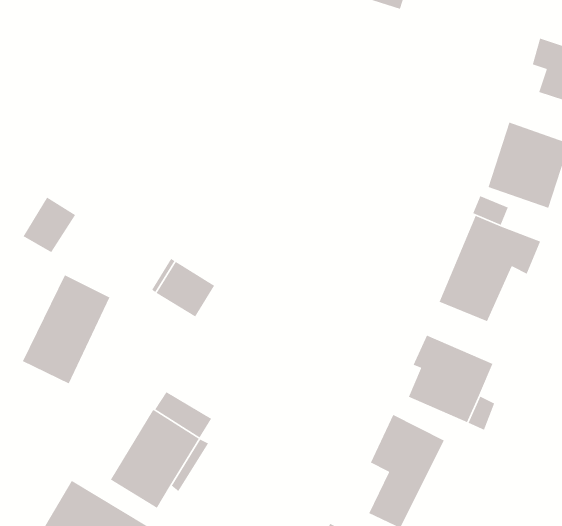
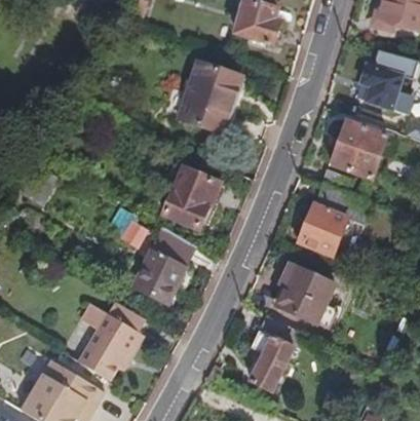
building: none -> [165,61,239,135]
building: none -> [160,167,214,231]
building: [22,274,110,384] -> [133,229,193,303]

